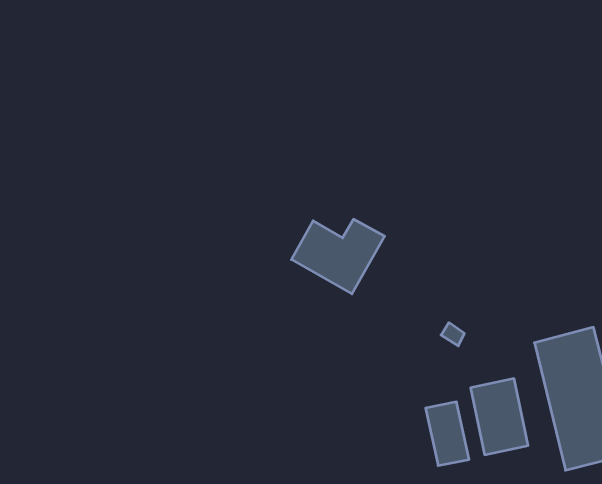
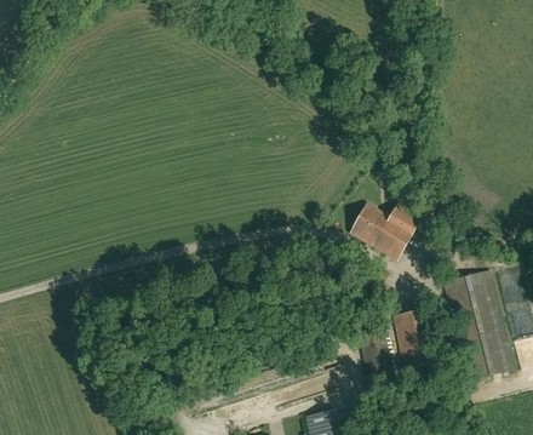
building: [291,219,385,294] -> [350,201,423,259]

